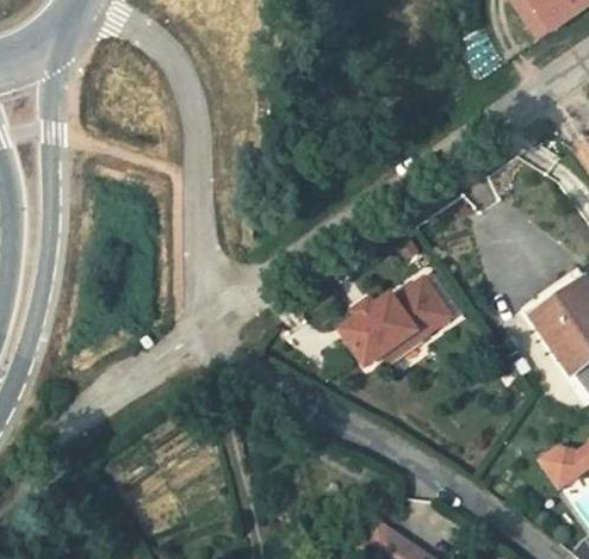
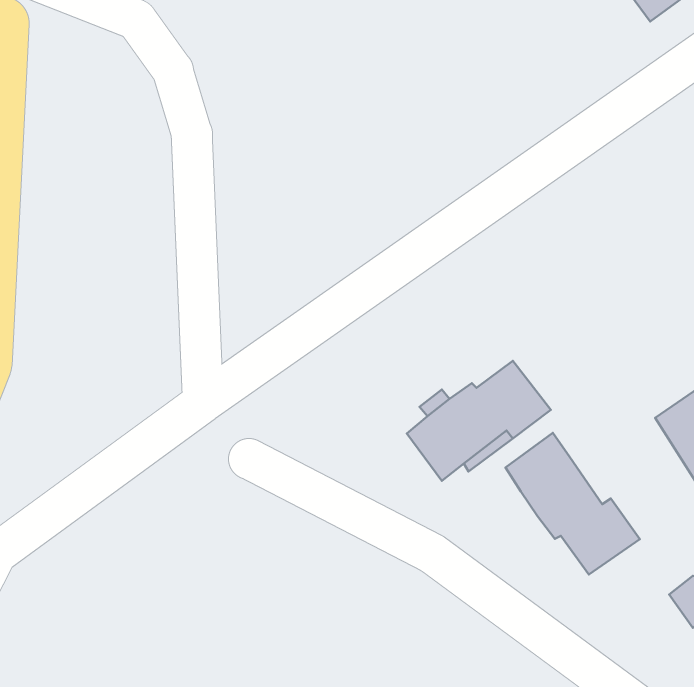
building: none -> [505,433,640,575]

